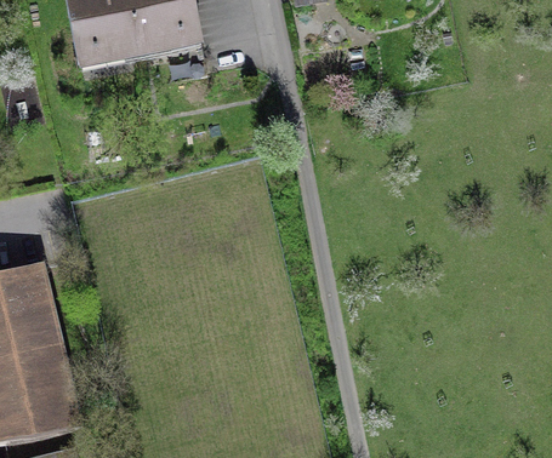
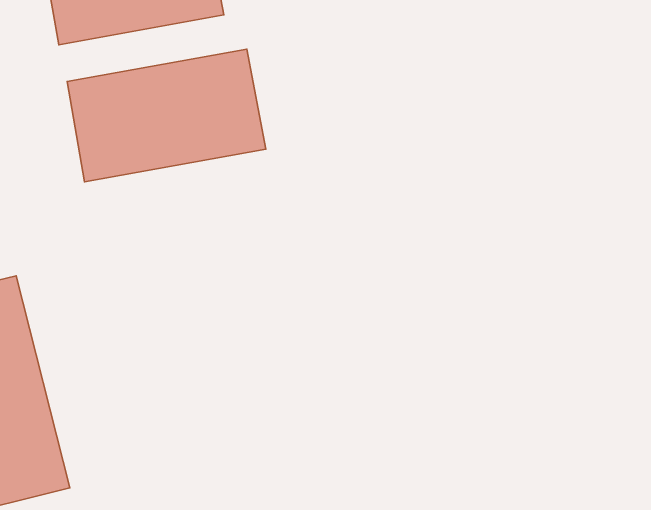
building: none -> [67,49,266,182]

